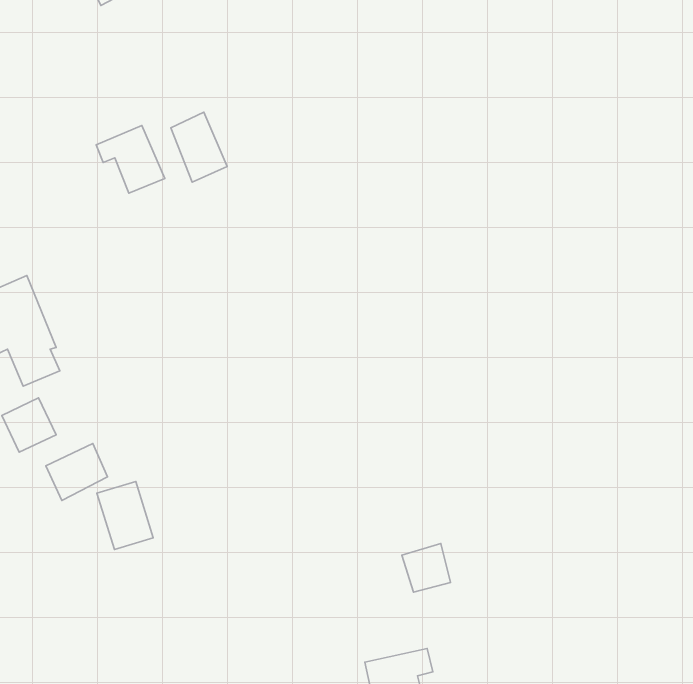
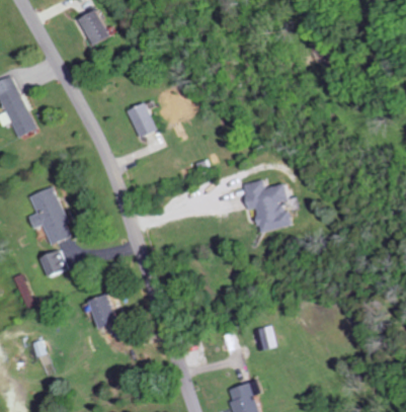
building: [96,125,165,193] -> none
building: none -> [241,179,292,233]
building: [46,443,107,500] -> none

